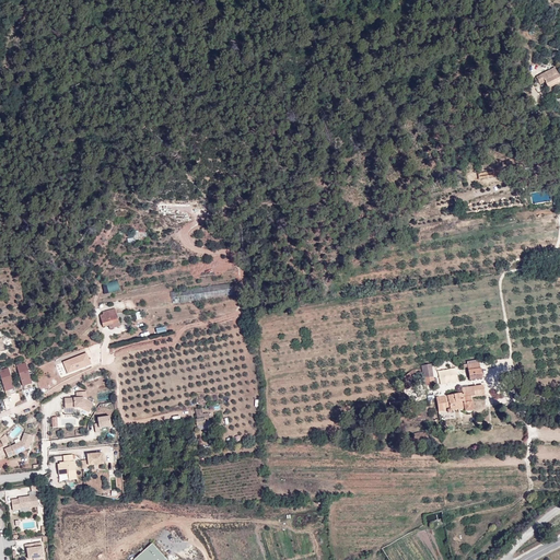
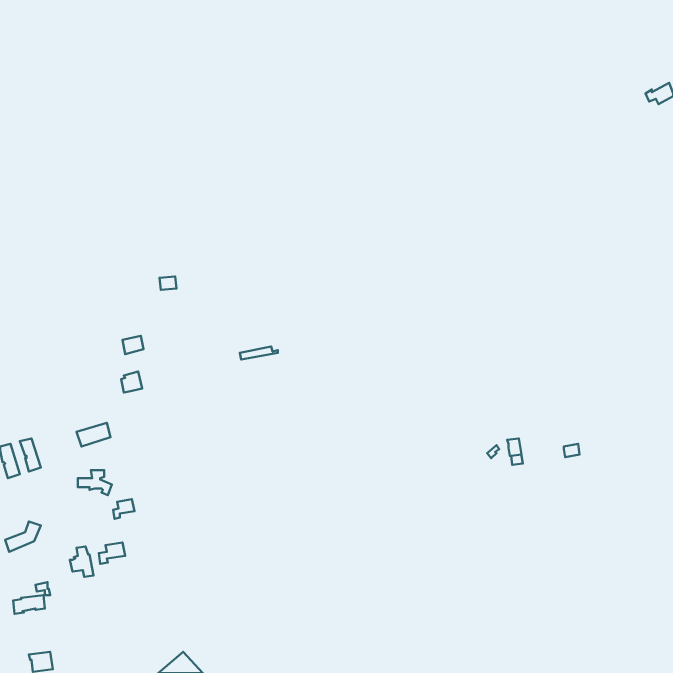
building: [436,386,485,413] -> none

